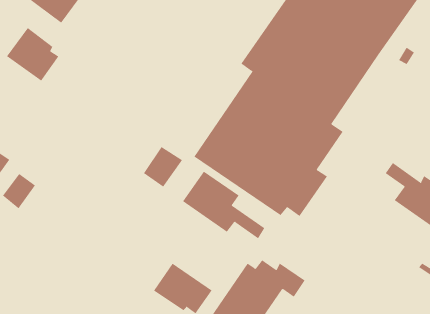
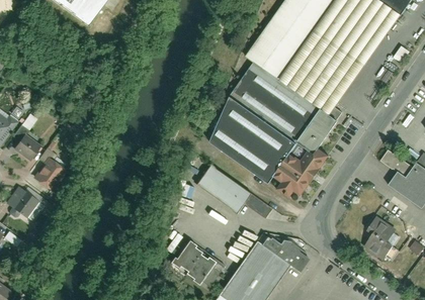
building: [6,27,59,82] -> none
building: [143,146,183,187] -> none
building: none -> [363,213,395,257]

